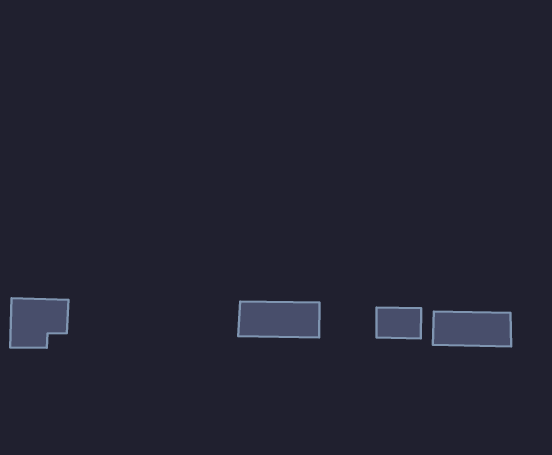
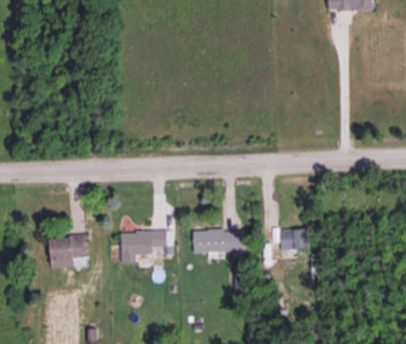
building: none -> [120,230,169,263]
building: [433,311,511,347] -> none

